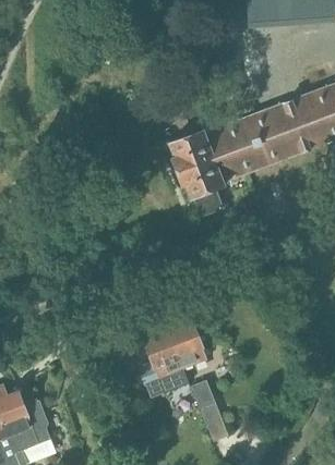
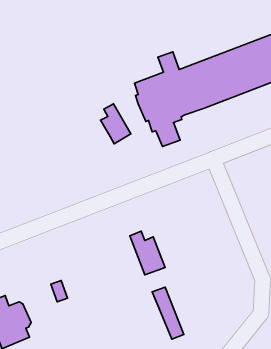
building: none -> [101,104,131,144]
building: [140,321,189,395] -> none

